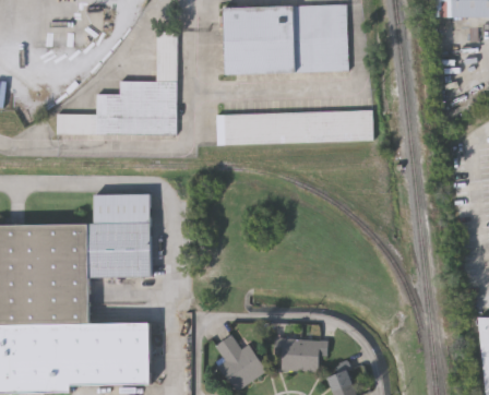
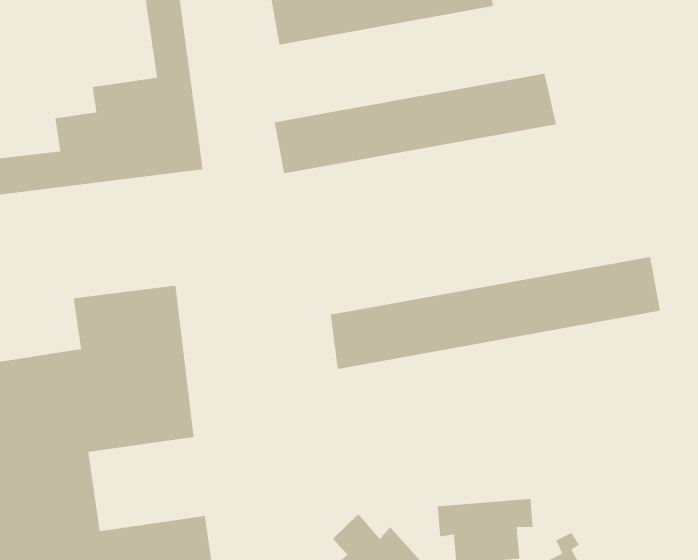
building: none -> [330,256,661,370]

